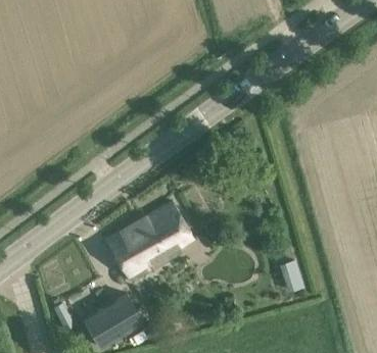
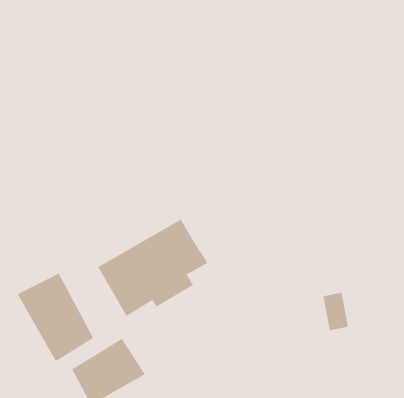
building: none -> [17,273,94,362]

